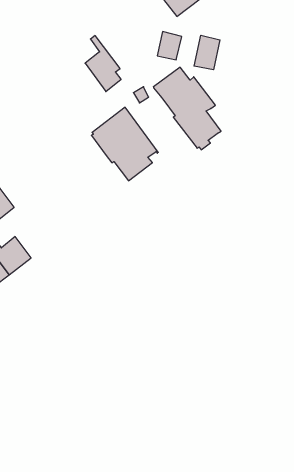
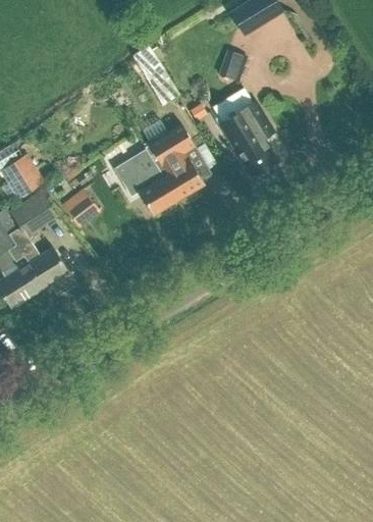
building: [194,35,220,70] -> none
building: none -> [114,151,177,216]
building: none -> [62,190,99,226]

